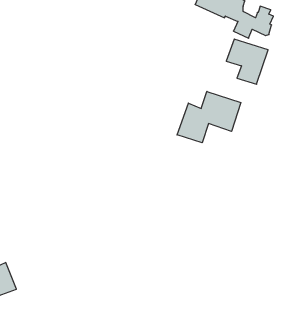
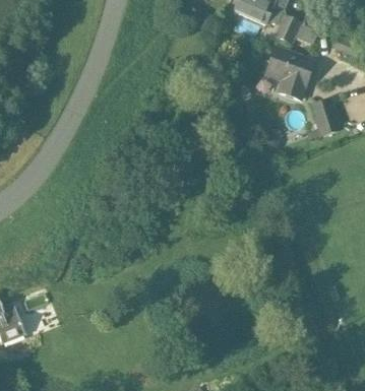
building: none -> [310,99,338,136]
building: [177,91,241,143] -> none

